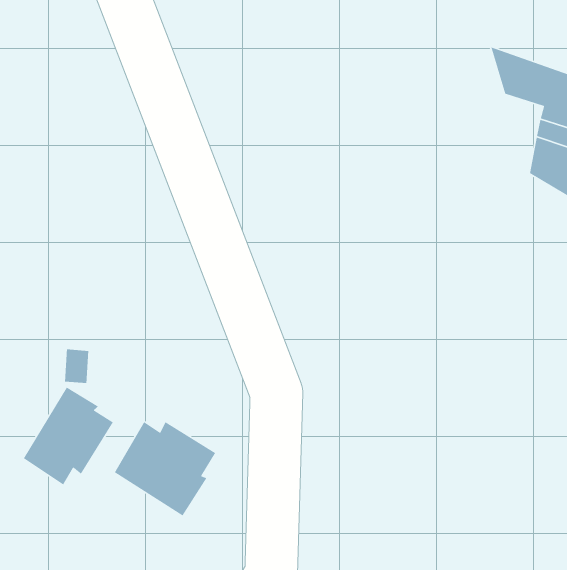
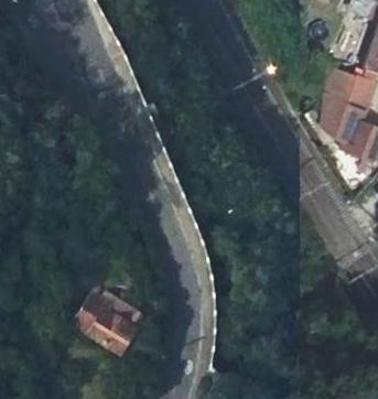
building: [23,387,114,486] -> none

